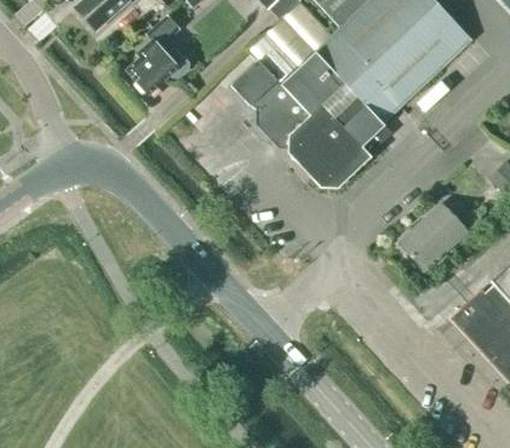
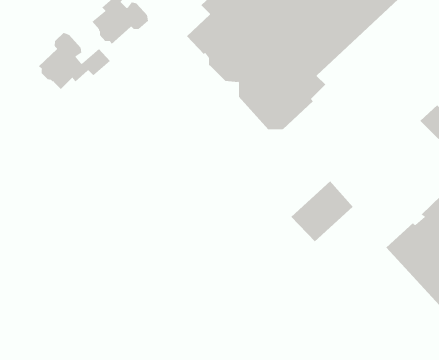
building: none -> [38,32,111,90]
building: [399,202,468,270] -> [291,180,353,242]

